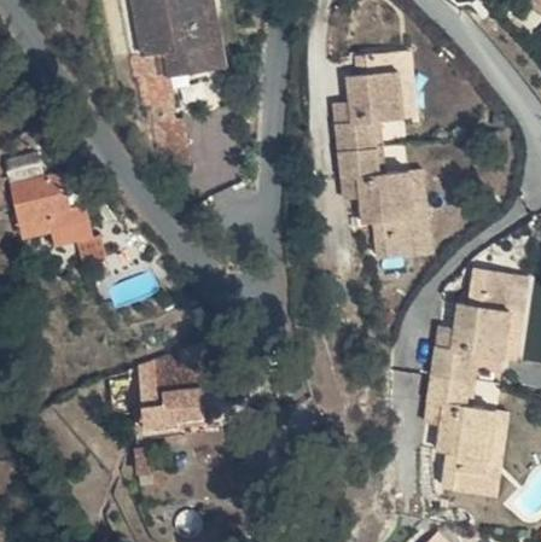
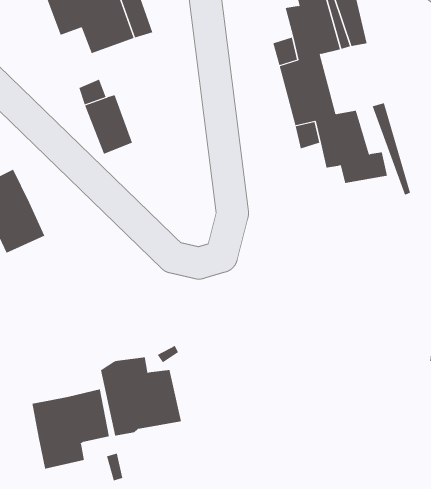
building: [376,171,429,260] -> none
building: none -> [32,389,110,469]

